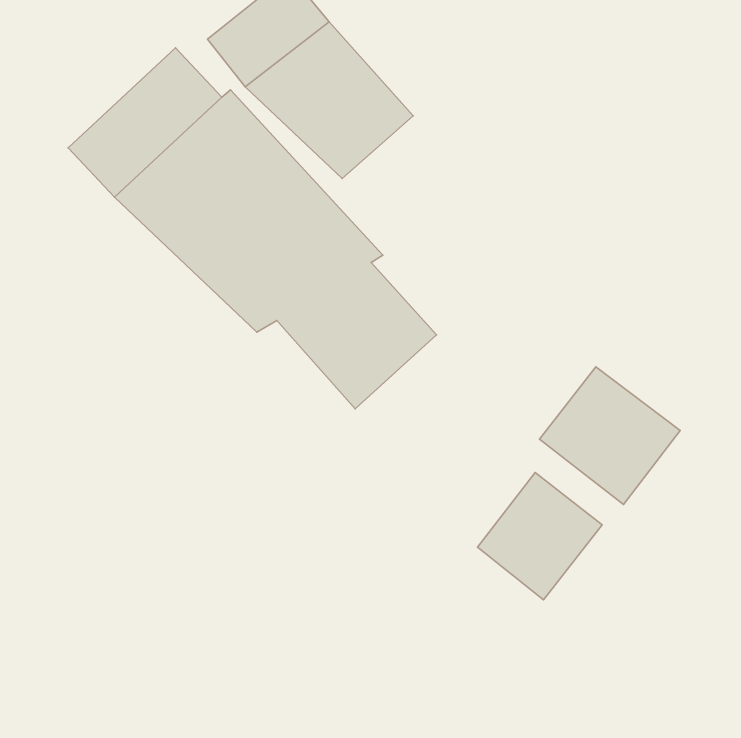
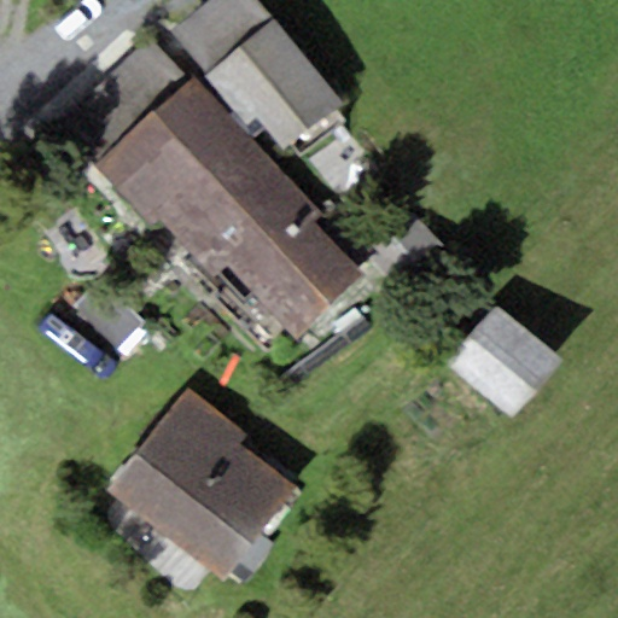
building: none -> [106,385,292,578]
building: [478,473,602,600] -> none

